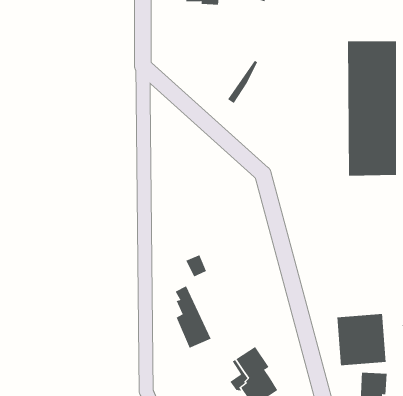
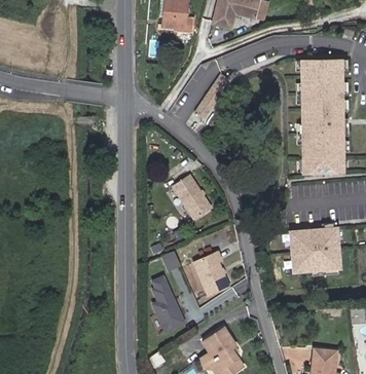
building: none -> [172,175,211,219]
building: none -> [192,250,227,293]
building: [337,313,386,366] -> [292,227,335,272]

